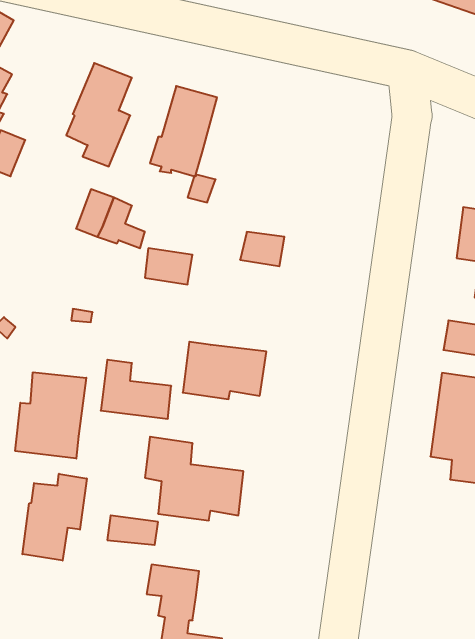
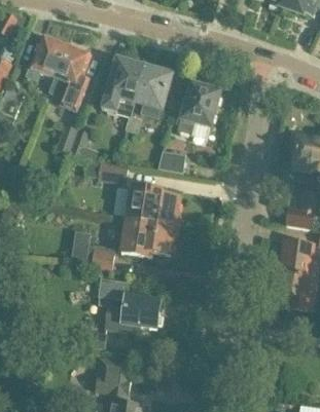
building: none -> [26,36,67,79]
building: none -> [135,67,171,117]
building: none -> [178,83,219,134]
building: none -> [126,185,179,226]
building: [15,372,86,459] -> none
building: [22,474,87,561] -> none

